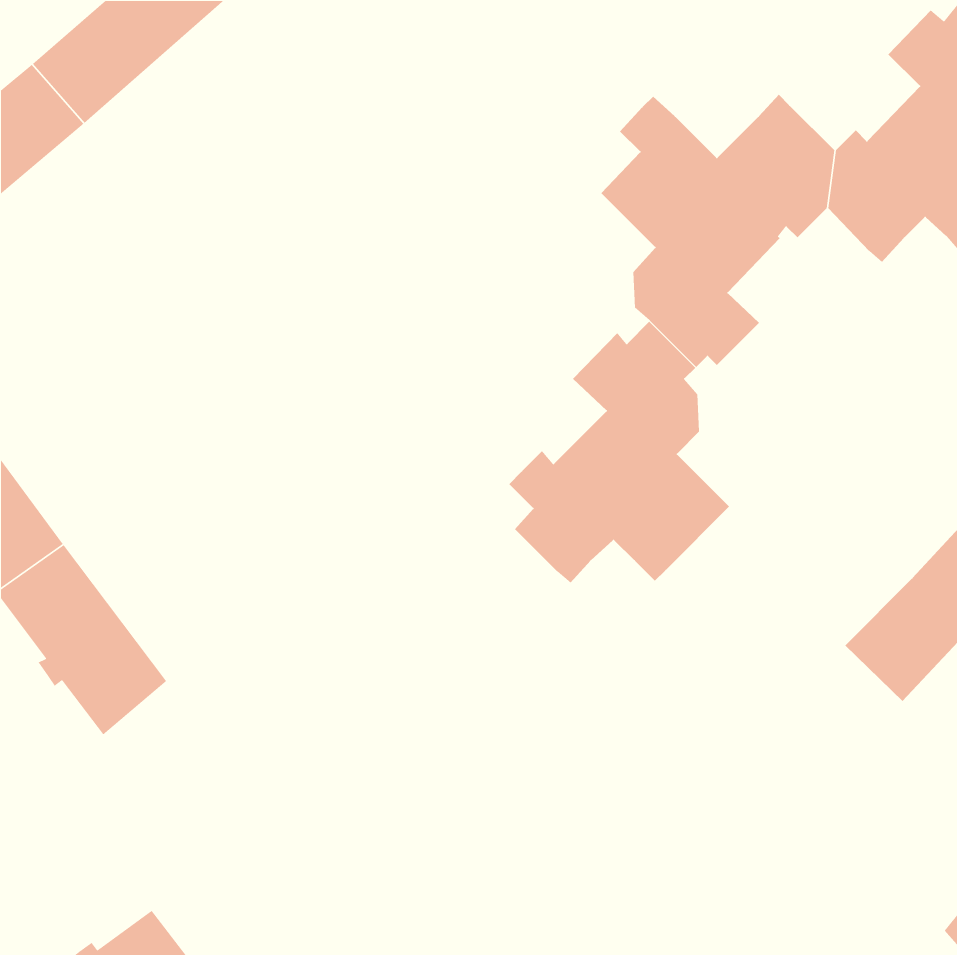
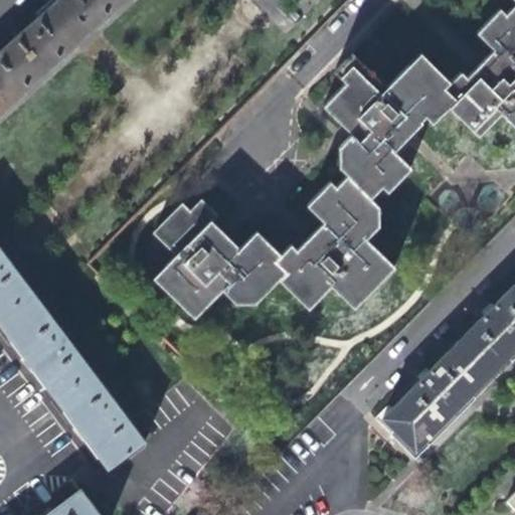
building: none -> [152,201,287,322]
building: none -> [382,348,485,450]
building: none -> [56,367,146,469]

